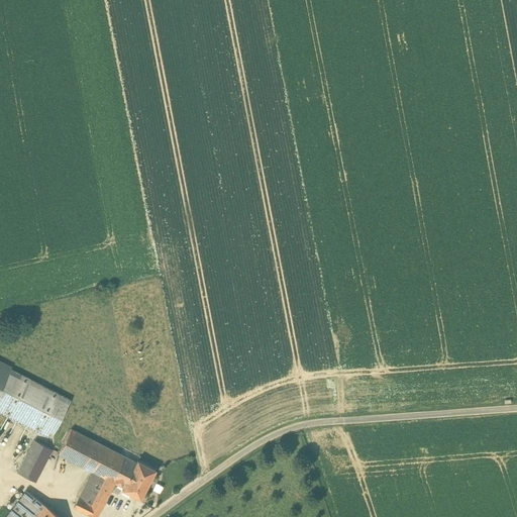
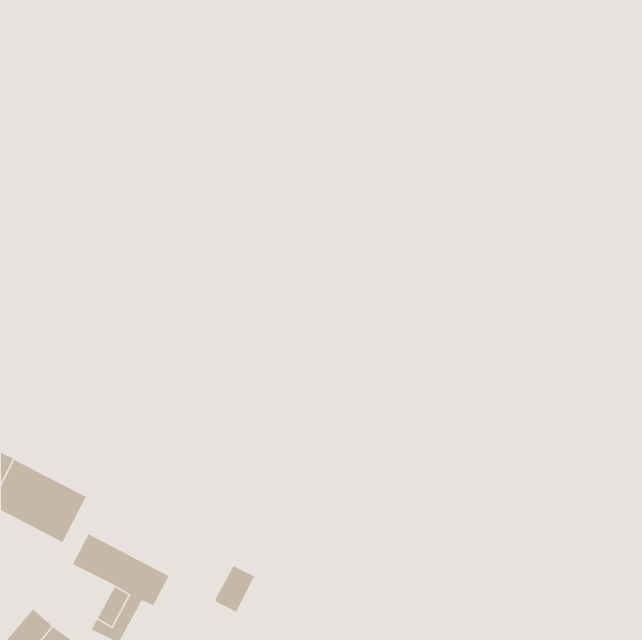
building: [18,441,54,483] -> none
building: [123,461,157,501] -> [214,564,256,613]

